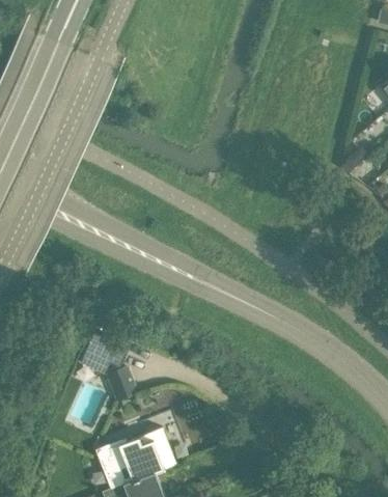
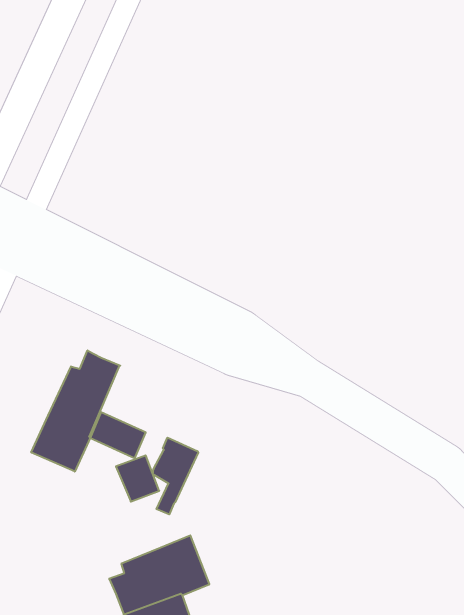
building: none -> [31,350,120,472]
building: none -> [153,438,198,514]

